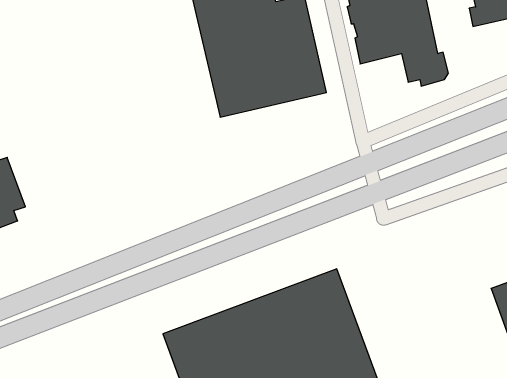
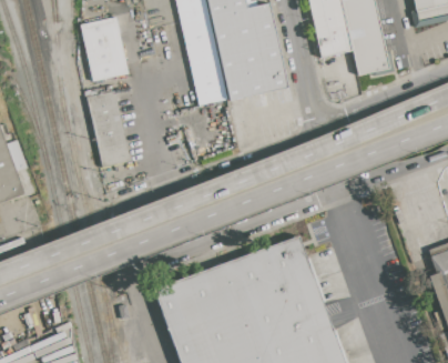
building: none -> [80,17,129,82]
building: none -> [88,91,131,168]

